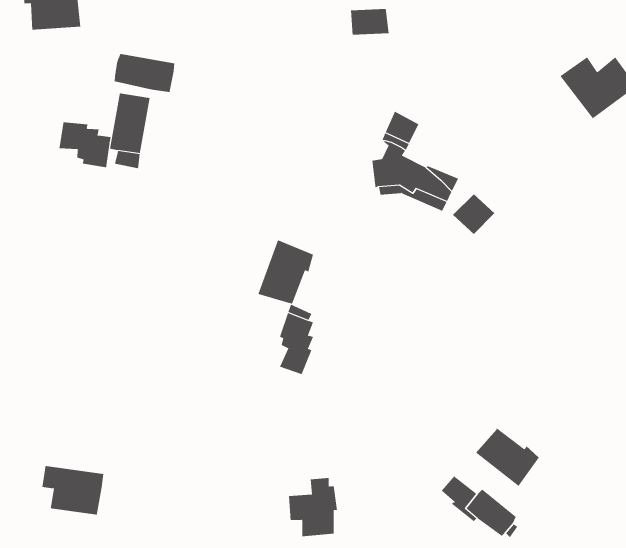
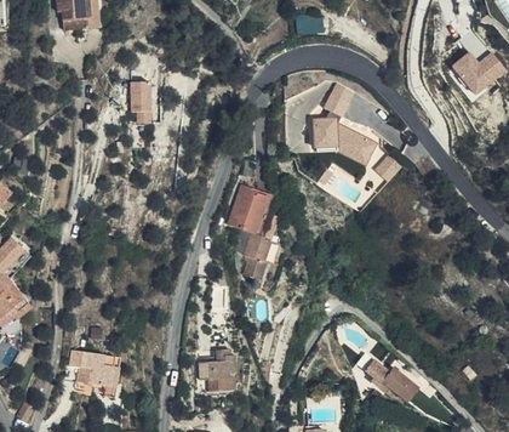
building: [114,53,175,93] -> none
building: [59,121,111,168] -> none
building: [475,427,539,487] -> none
building: [288,478,338,537] -> [200,349,236,393]

